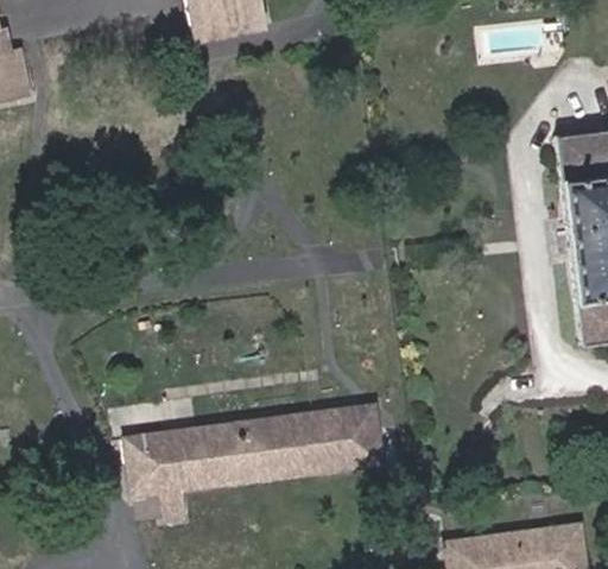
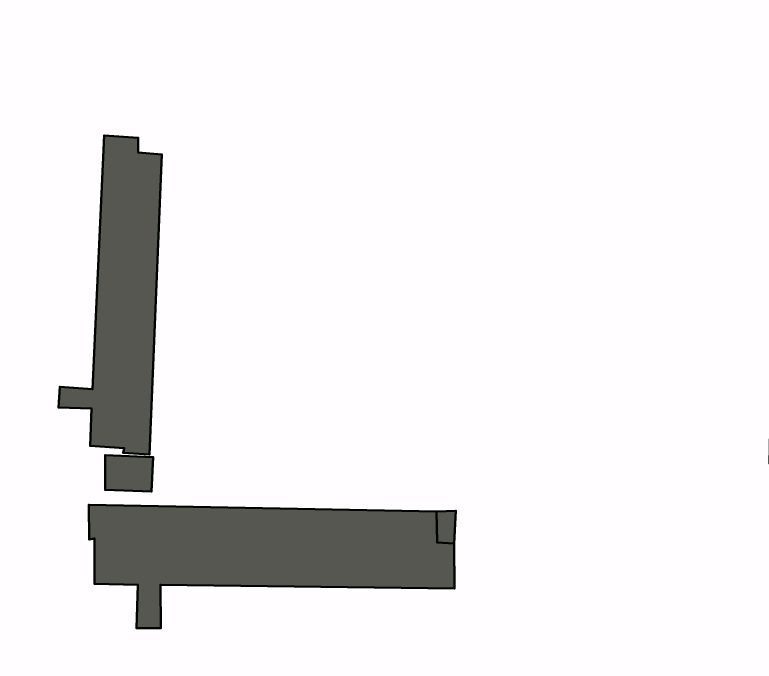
building: none -> [59,135,162,454]

